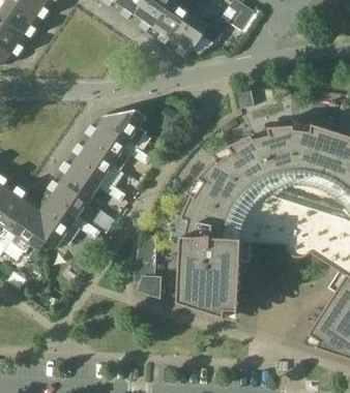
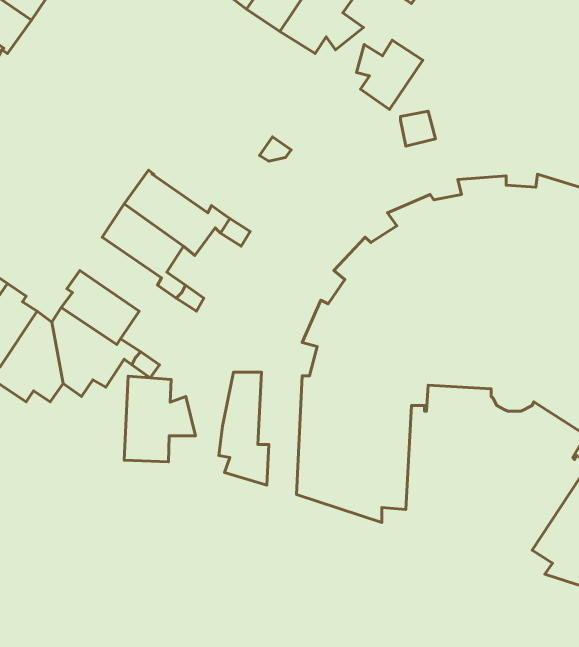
building: none -> [357,40,423,110]
building: [98,107,149,145] -> none
building: [58,157,104,199] -> none
building: none -> [124,376,195,462]

